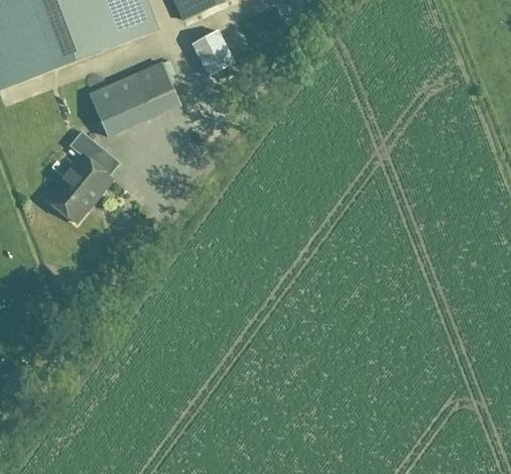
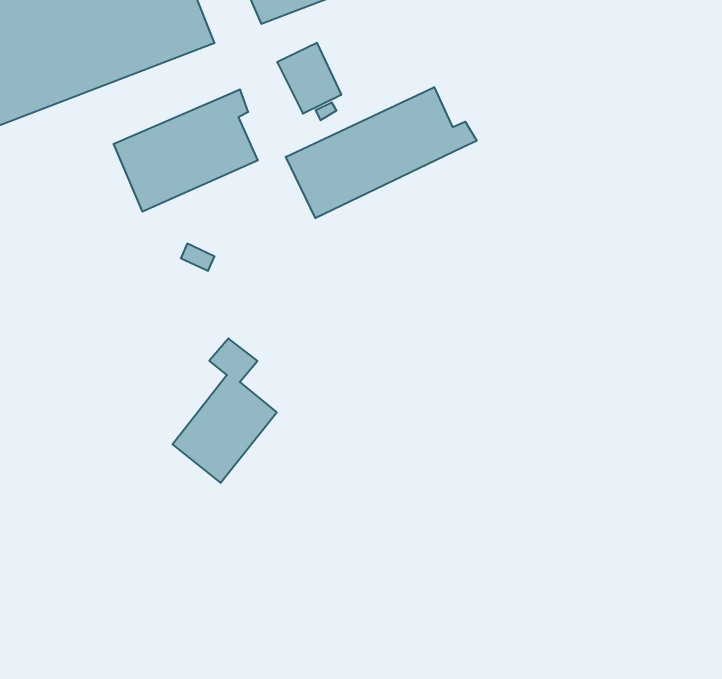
building: none -> [286,87,477,218]
building: [46,131,112,222] -> [172,338,277,483]

